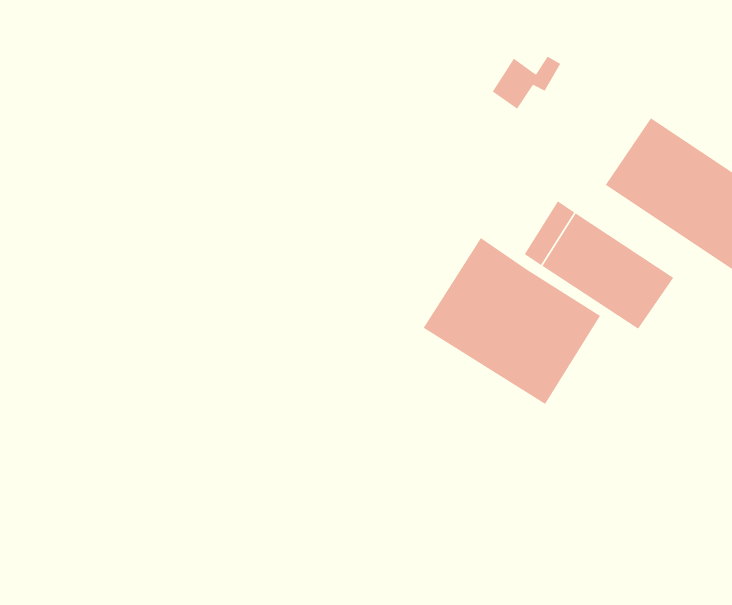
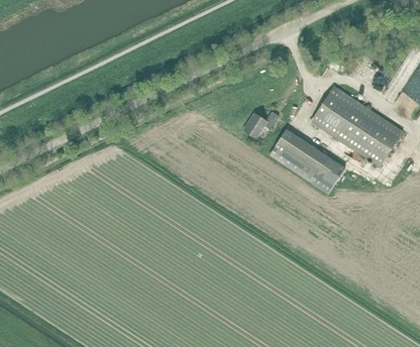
building: [492,56,561,109] -> [244,111,280,138]
building: [423,237,601,405] -> none

